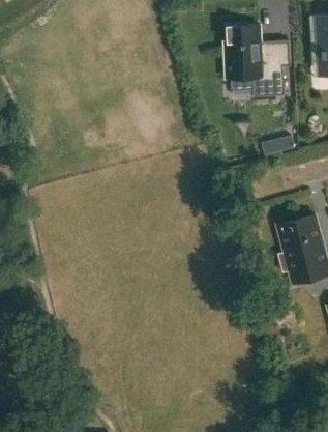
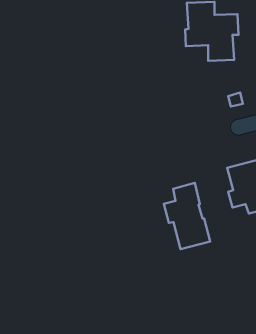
building: none -> [164,183,210,249]

